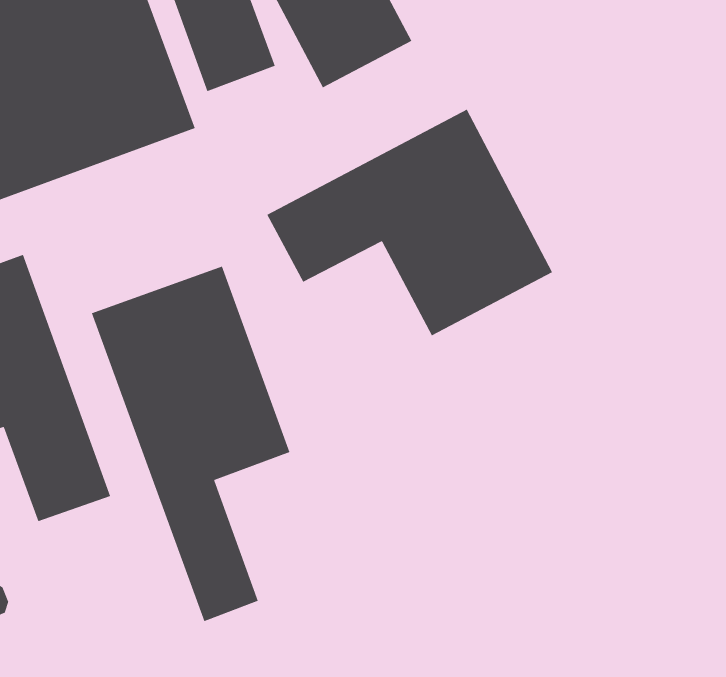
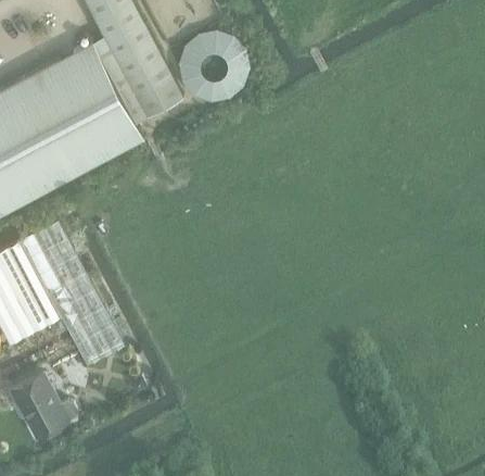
building: [266,108,553,336] -> none
building: [91,266,291,622] -> none

